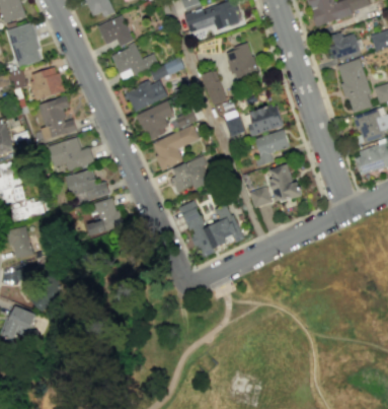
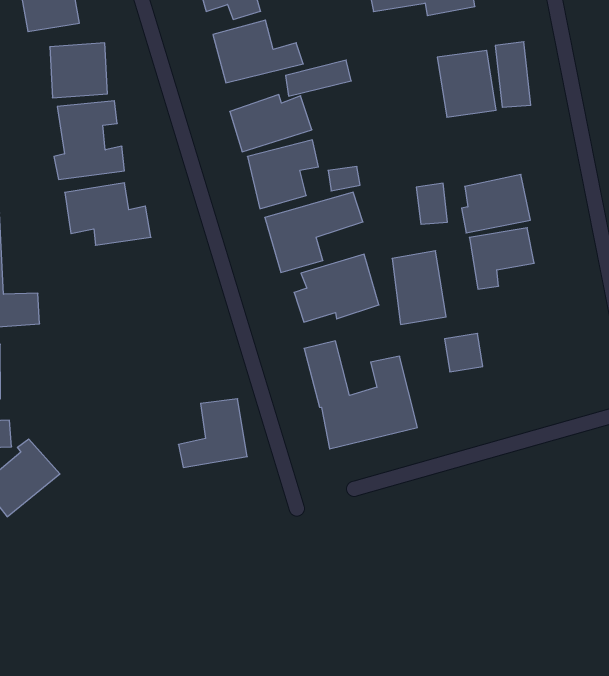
building: [203,70,225,105] -> [495,42,531,107]
building: [267,163,299,203] -> [392,251,446,324]
building: [64,168,109,201] -> none
building: [86,198,122,236] -> [178,399,247,467]

